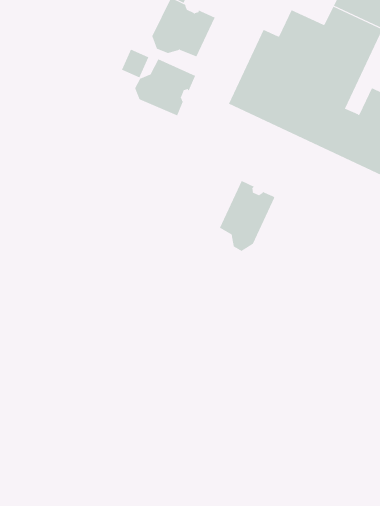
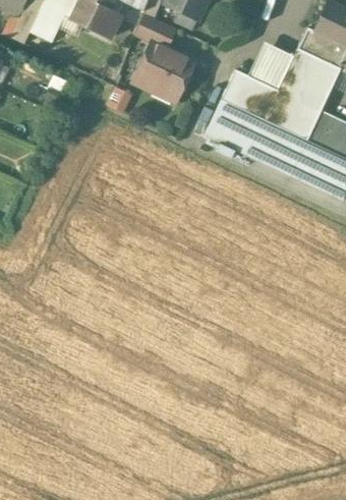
building: [134,59,196,117] -> none
building: [219,180,276,252] -> none

